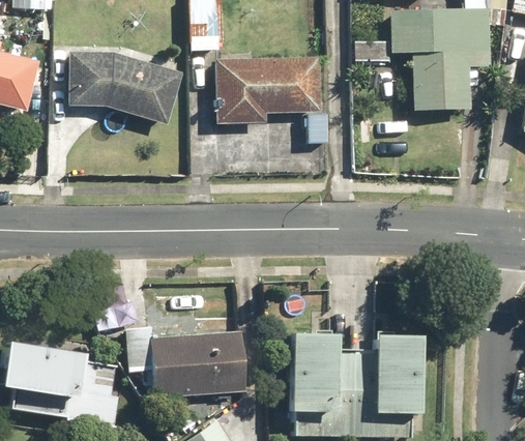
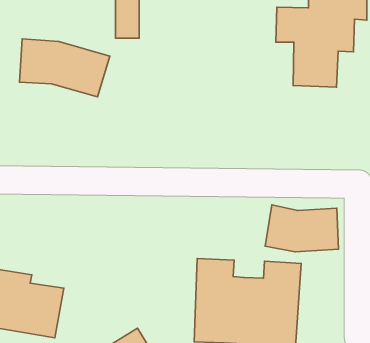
building: [214,56,320,122] -> none
building: none -> [265,205,339,252]
building: [126,327,242,392] -> none

